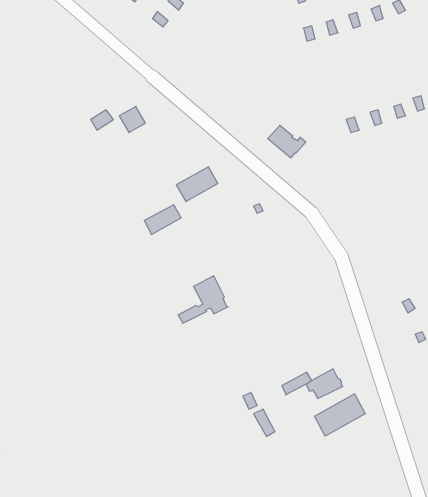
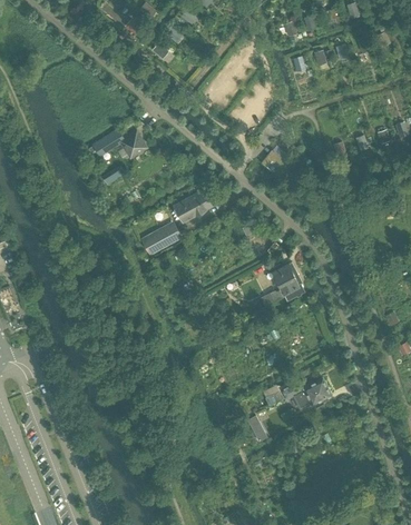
building: [178,276,228,323] -> [254,265,301,309]
building: [315,394,365,436] -> none

